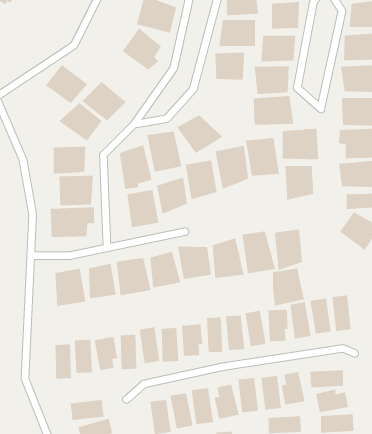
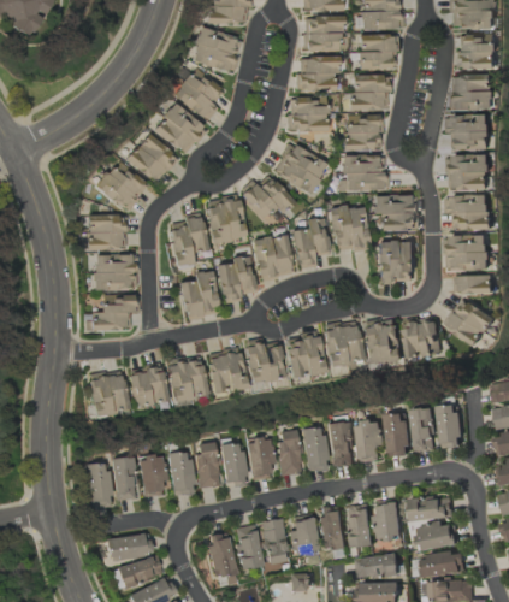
building: [45,64,88,104] -> [152,105,206,155]
building: none -> [272,144,326,196]
building: [272,268,305,306] -> [403,314,444,362]

